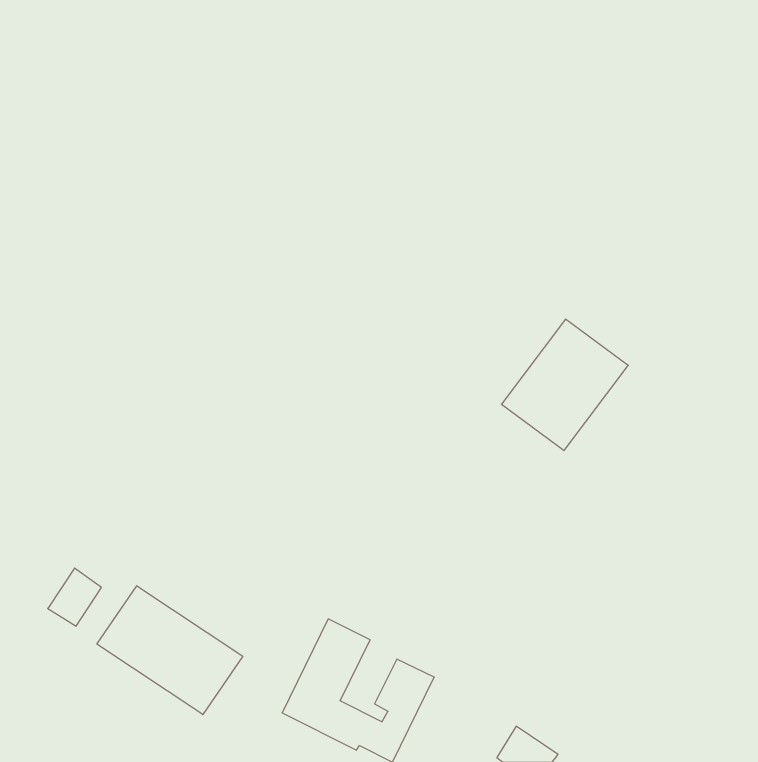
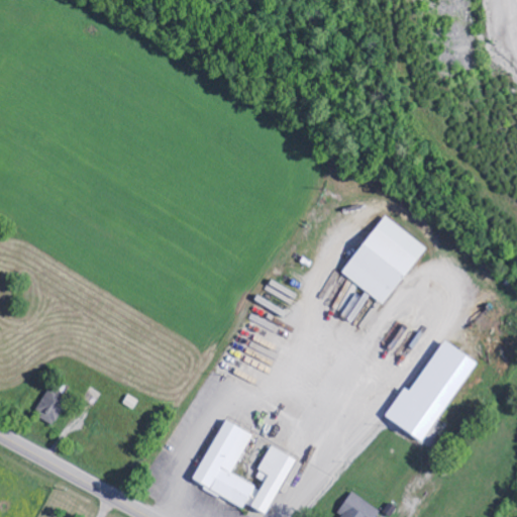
building: none -> [383,339,476,442]
building: [97,586,243,715] -> none

